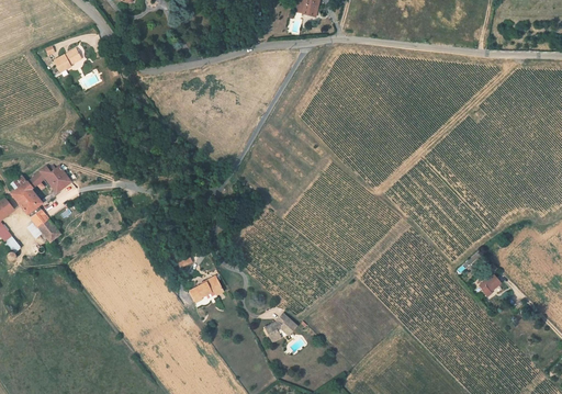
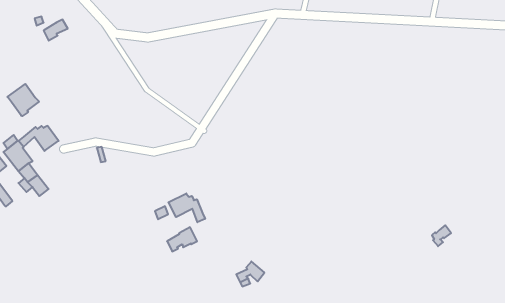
building: none -> [7,84,39,116]
building: none -> [168,193,205,222]

